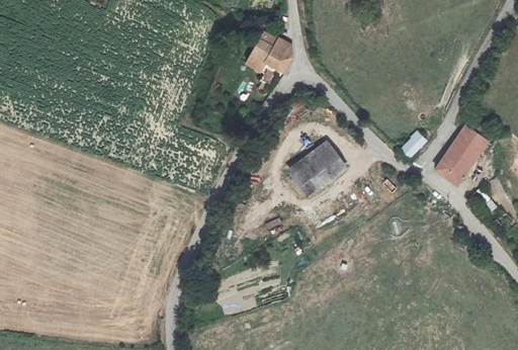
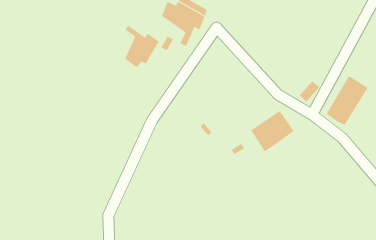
building: none -> [125,25,159,68]
building: [289,145,343,195] -> [250,110,295,152]

